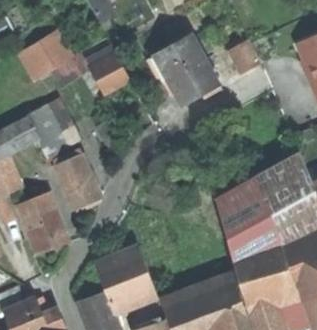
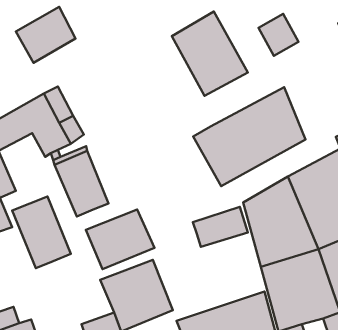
building: [91,55,132,95] -> none
building: none -> [193,87,305,186]
building: none -> [193,207,248,247]
building: none -> [86,210,154,269]

